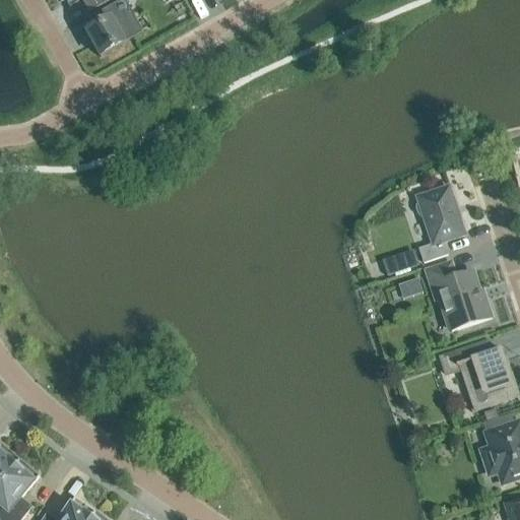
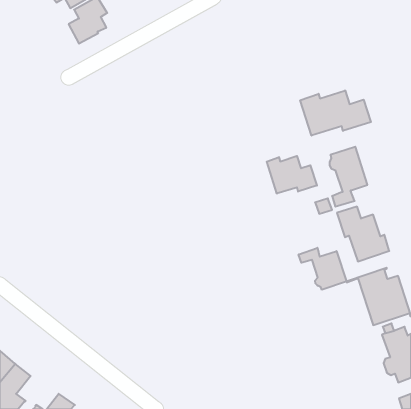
building: none -> [300,90,371,136]
building: none -> [267,156,317,194]
building: none -> [299,248,347,290]

